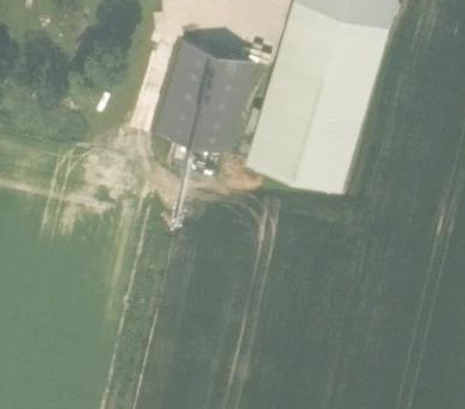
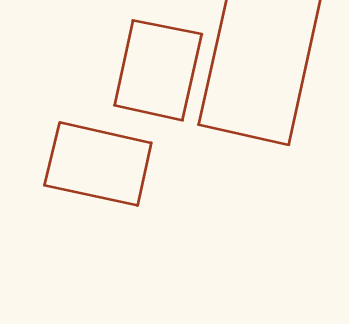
building: none -> [44,122,151,206]

